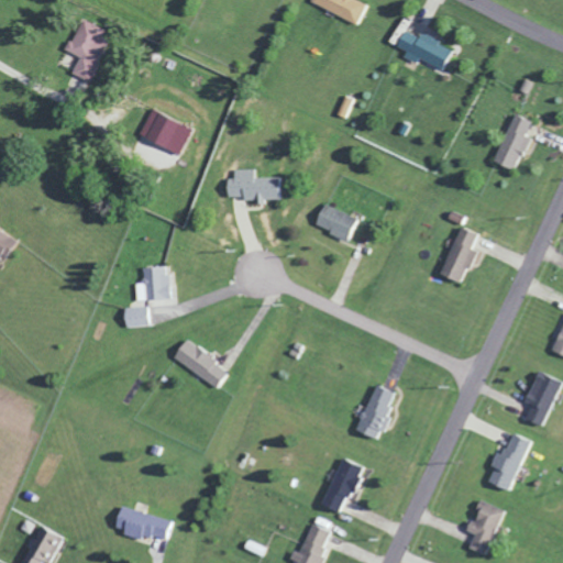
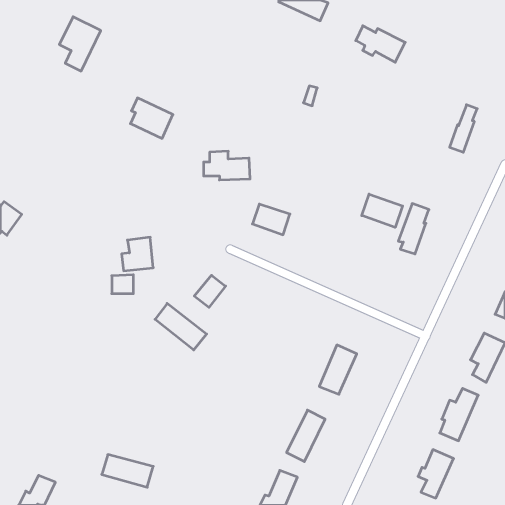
building: [313,205,355,239] -> [252,204,290,235]
building: none -> [362,194,403,227]
building: none -> [194,275,226,307]

